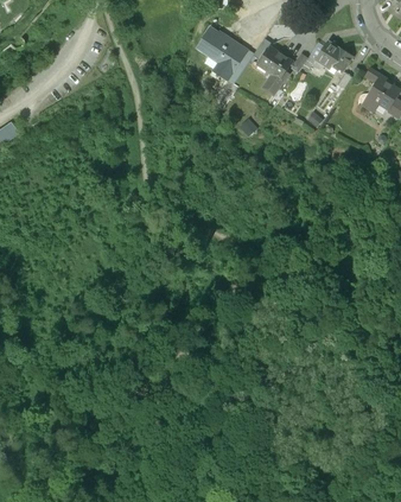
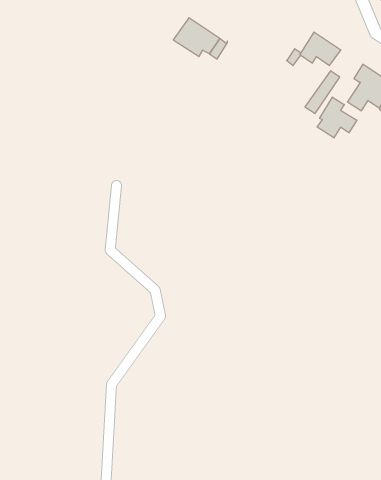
building: [262,49,294,81] -> none
building: none -> [317,97,357,138]

